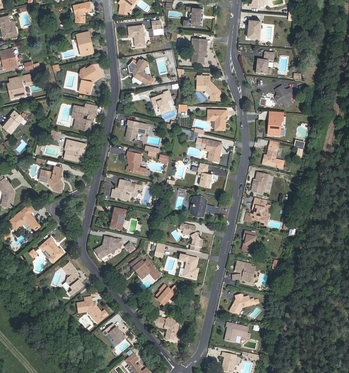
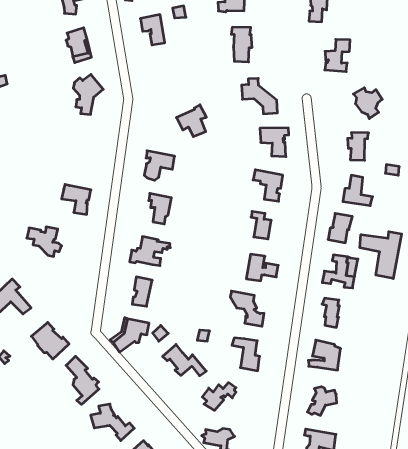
building: [127,58,152,84] -> none
building: [71,104,95,130] -> none
building: none -> [360,232,402,279]

